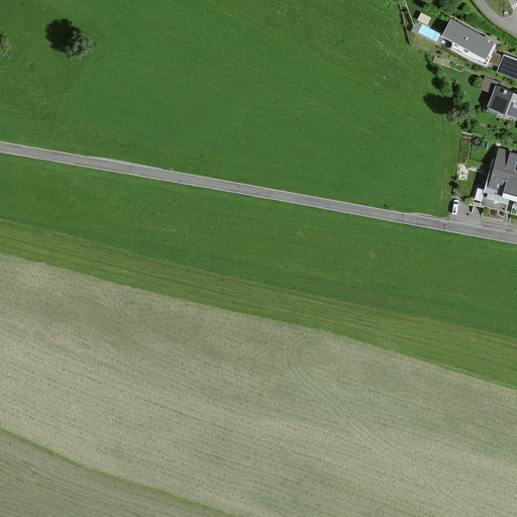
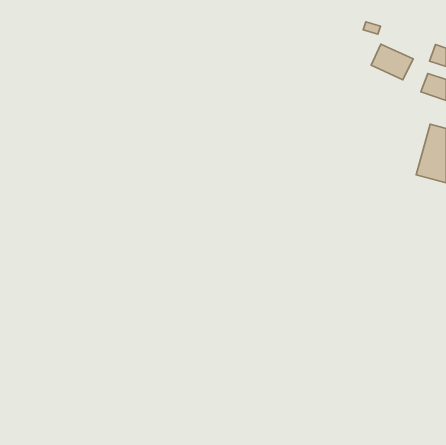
building: [451,23,500,65] -> [371,44,413,80]

